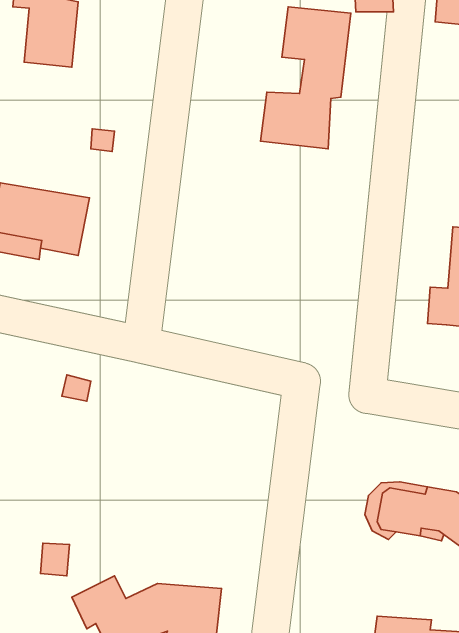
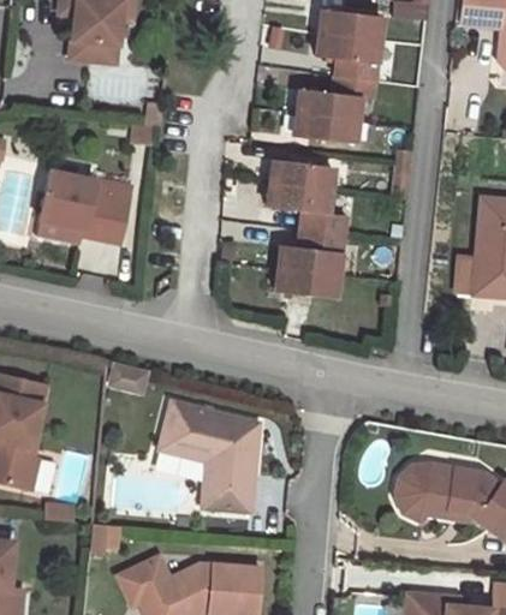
building: none -> [269,159,352,297]
building: none -> [160,401,260,510]

